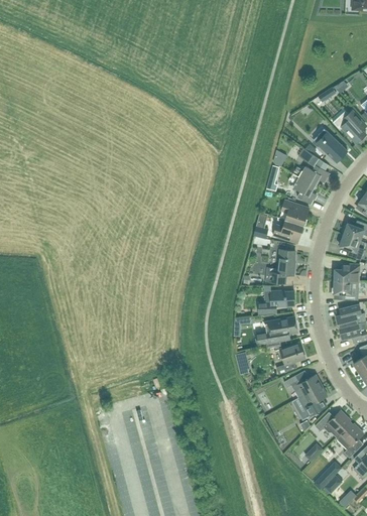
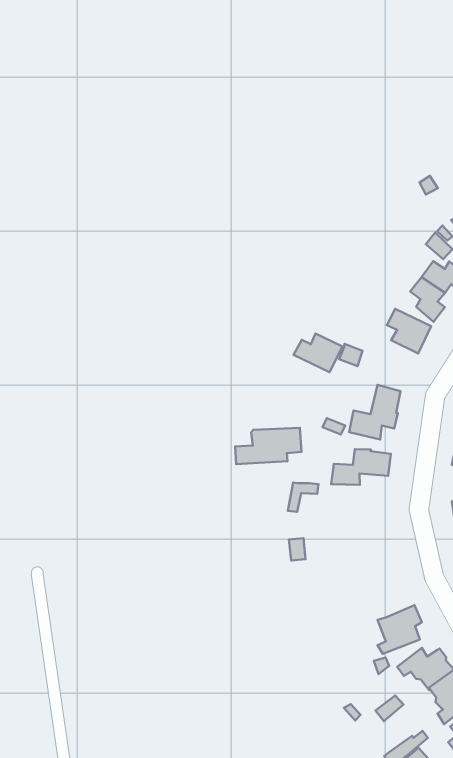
building: [272,220,302,243] -> [293,334,342,372]
building: [255,316,297,345] -> [235,428,301,464]
building: [275,342,304,374] -> none
building: [283,374,321,397] -> none

